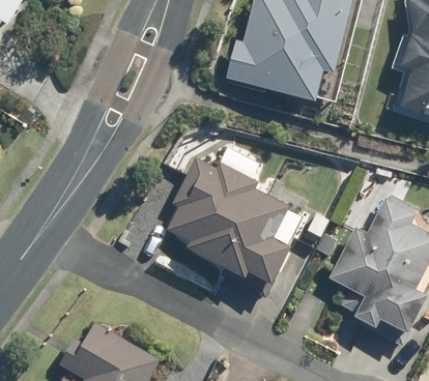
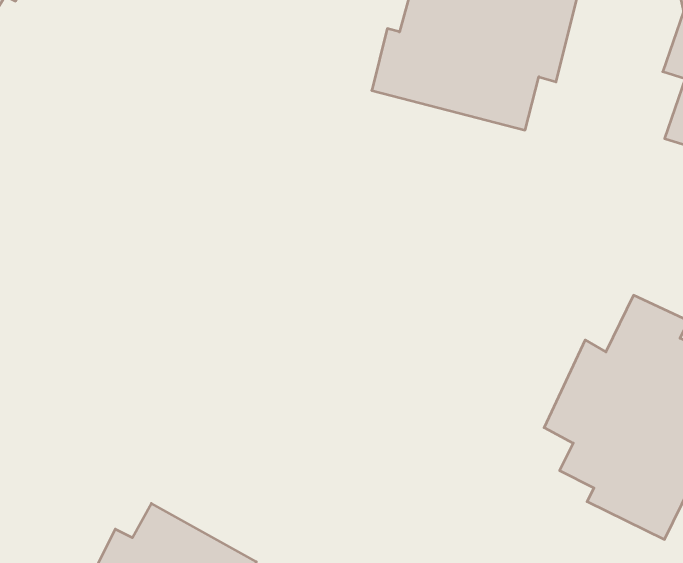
building: [165,157,301,296] -> none

